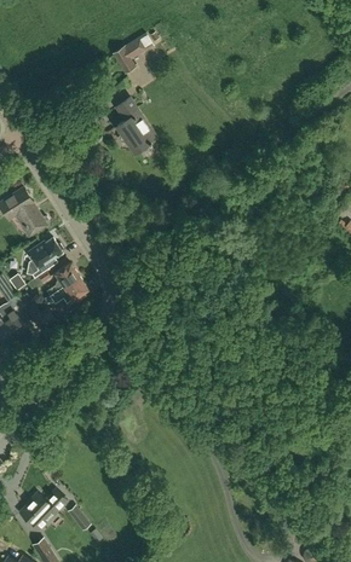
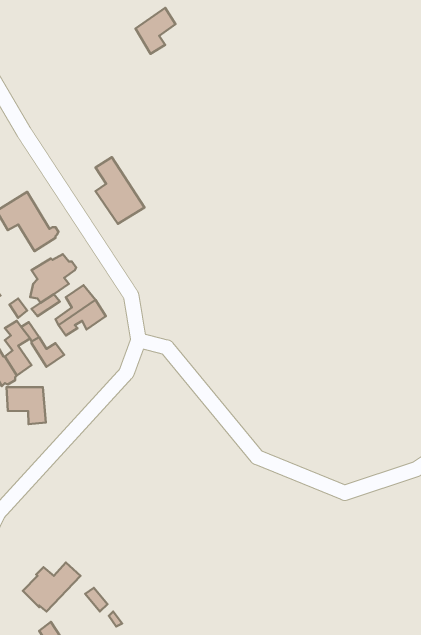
building: [117,98,157,152] -> [96,157,145,224]
building: none -> [7,387,46,424]

